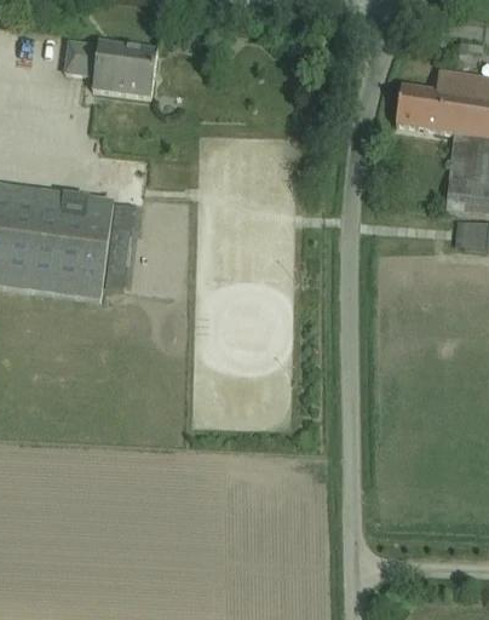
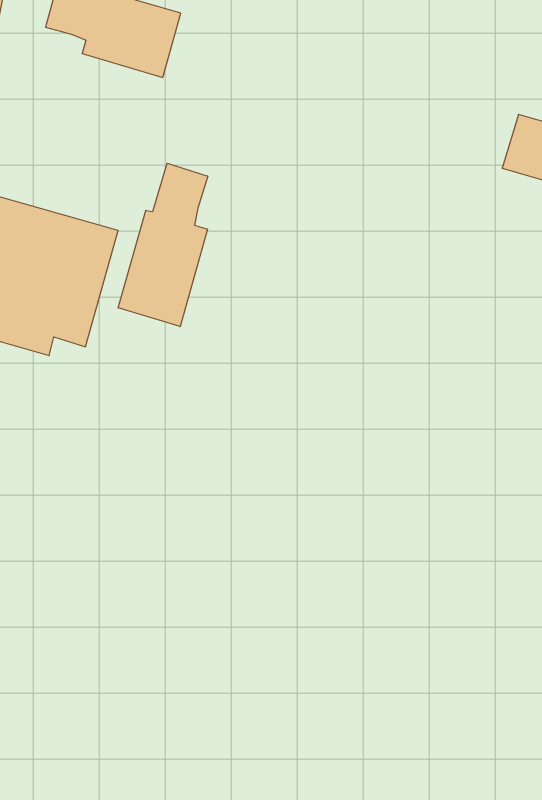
building: none -> [118,163,208,327]

